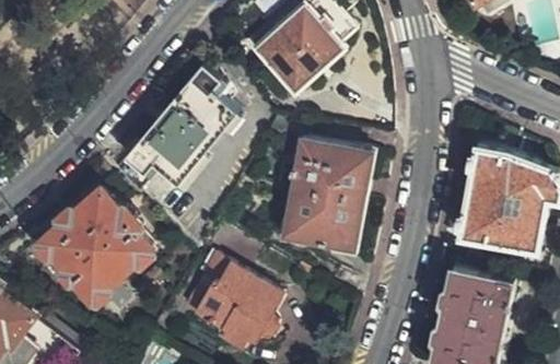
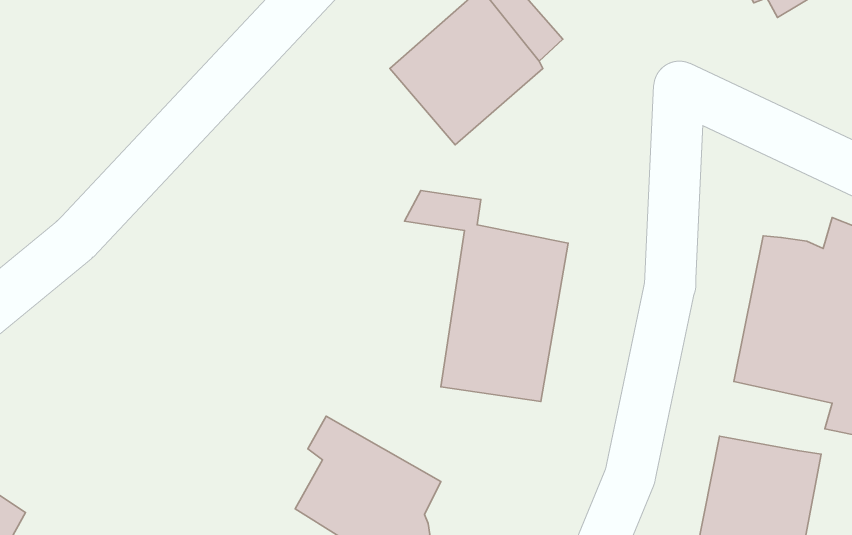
building: [115,60,234,195] -> none
building: [43,189,153,300] -> none

